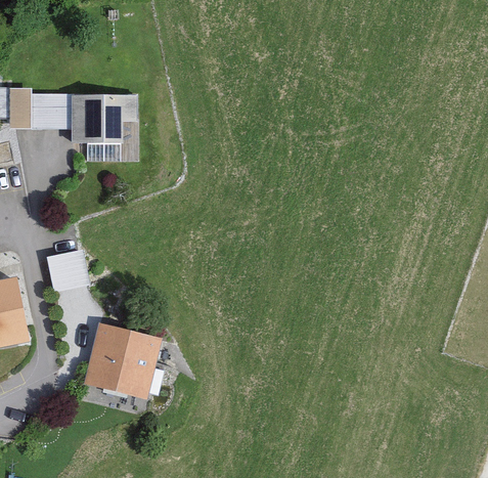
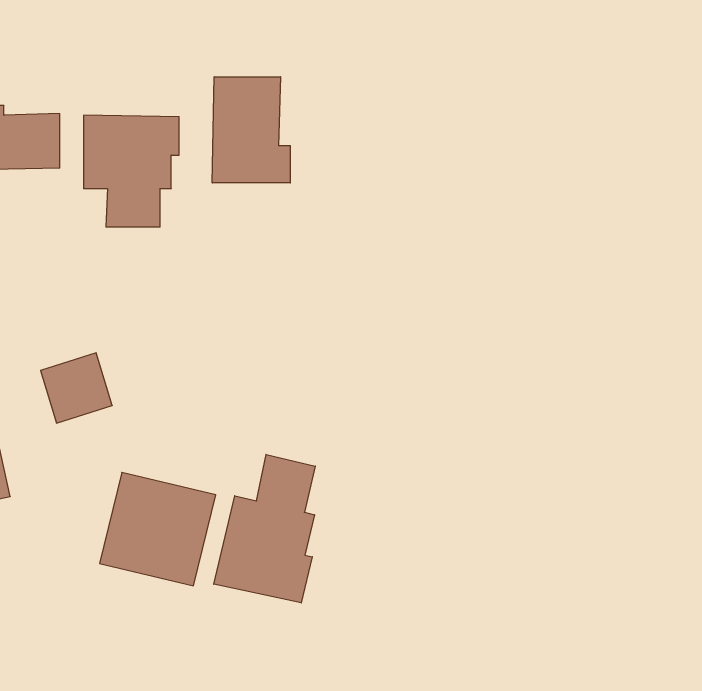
building: none -> [212,77,290,183]
building: none -> [214,454,315,603]

